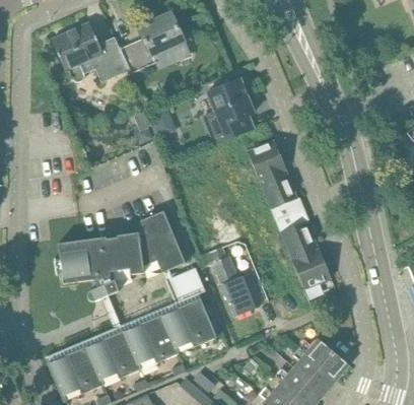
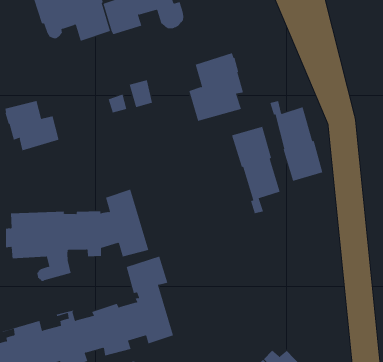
building: none -> [5,100,59,151]
building: [275,217,330,288] -> [269,101,323,182]
building: [200,247,259,317] -> none

